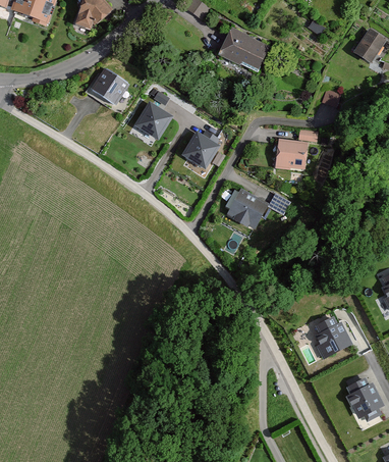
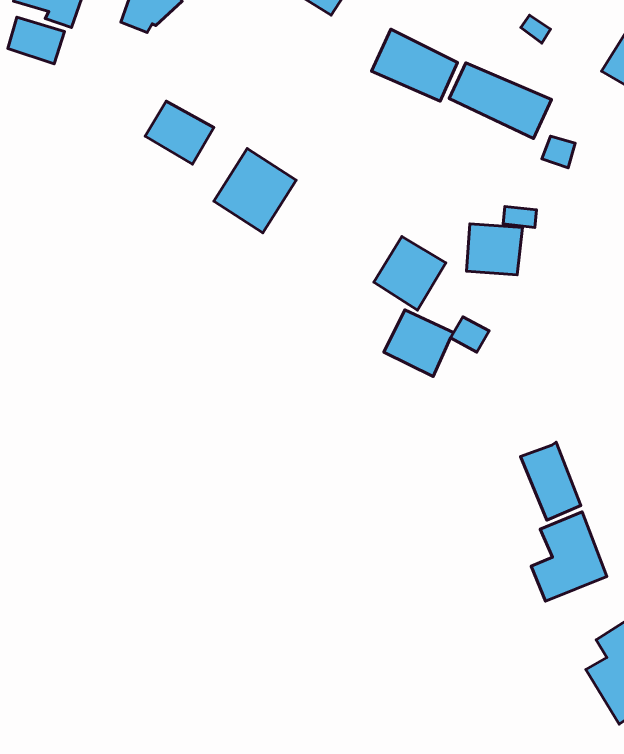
building: none -> [8,17,64,64]
building: none -> [449,63,551,138]
building: [179,129,221,171] -> [374,236,446,310]
building: none -> [521,442,581,520]

